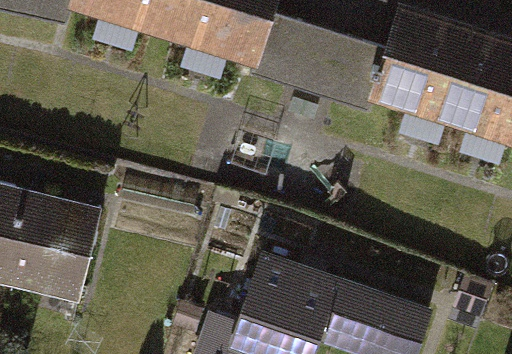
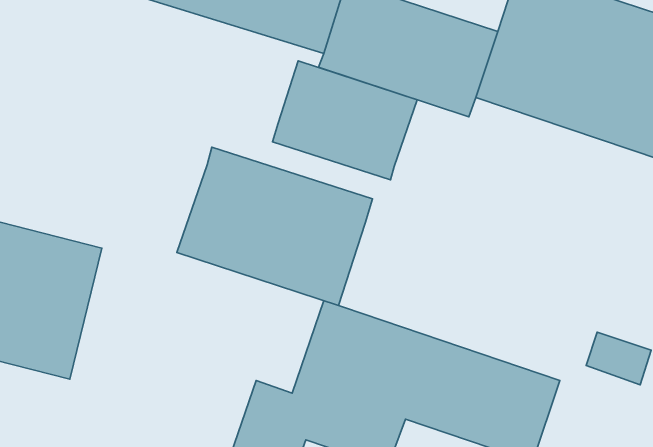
building: none -> [273,61,417,180]
building: none -> [177,147,372,305]

